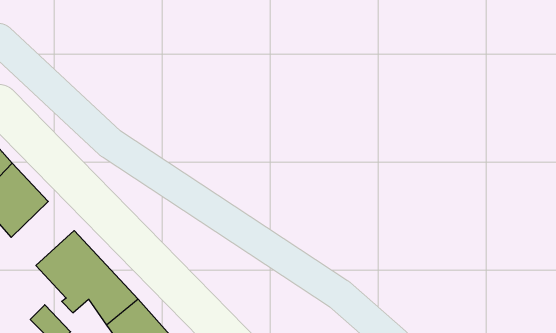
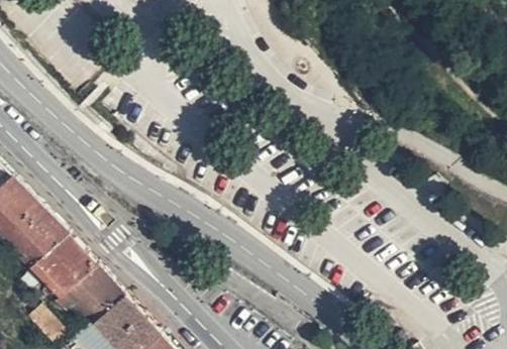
building: none -> [11,210,68,267]

